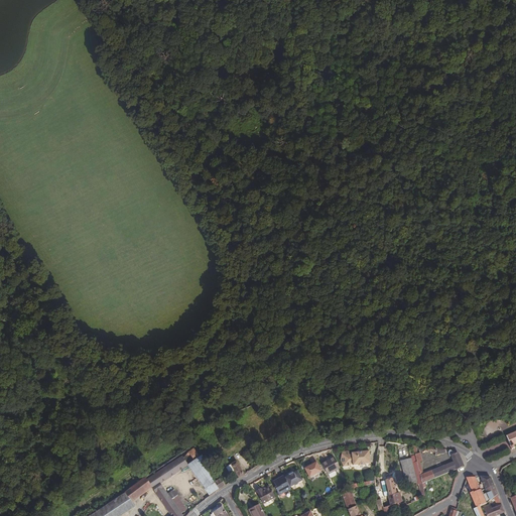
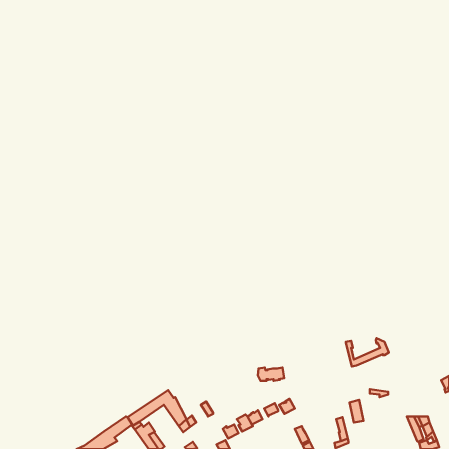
building: [413,449,463,482] -> [346,338,389,366]
building: [339,450,369,466] -> [258,368,284,381]

